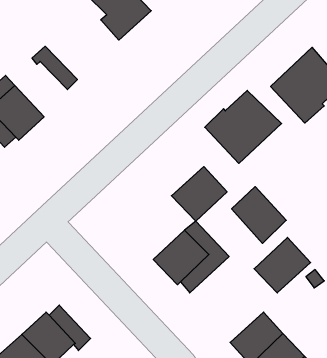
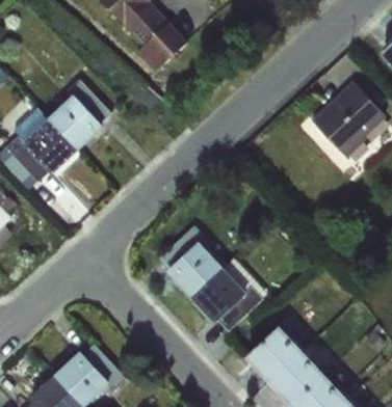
building: none -> [48,94,105,152]
building: [205,90,282,163] -> none
building: [171,167,227,221] -> [165,242,223,298]
building: [232,187,286,243] -> none
building: [254,237,311,293] -> [245,326,304,383]

